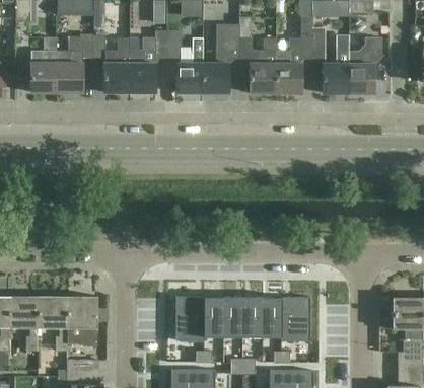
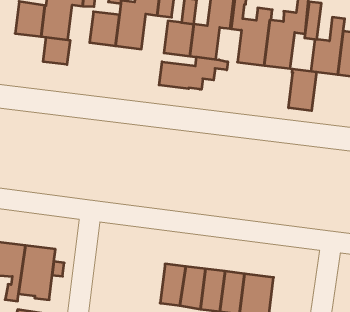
building: none -> [43,37,70,65]
building: none -> [159,57,228,89]
building: none -> [289,69,316,111]
building: [175,297,205,339] -> none

